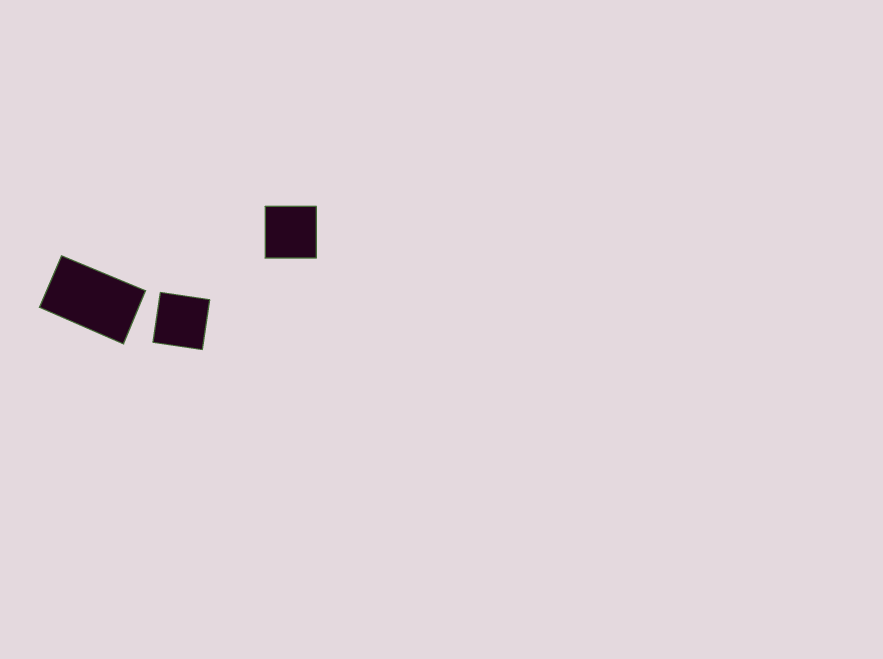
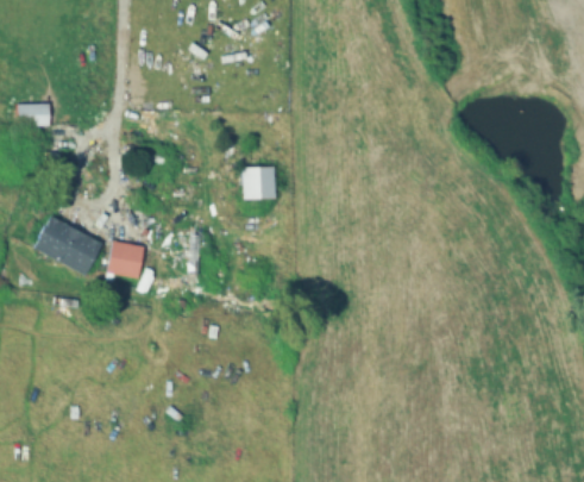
building: none -> [18,105,50,127]
building: [265,207,316,258] -> [243,165,276,199]

